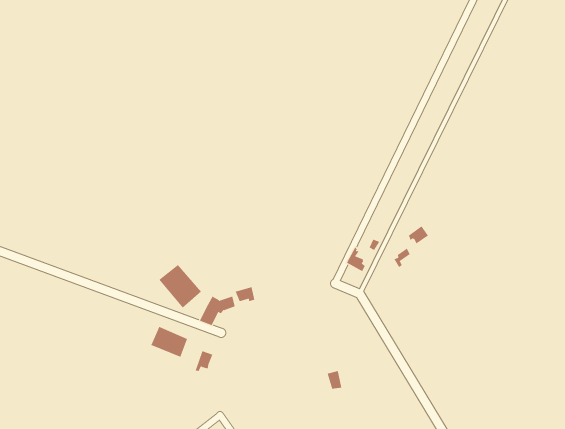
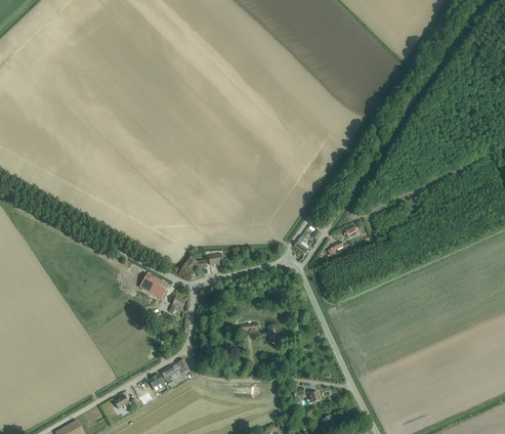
building: [159,264,202,309] -> none

